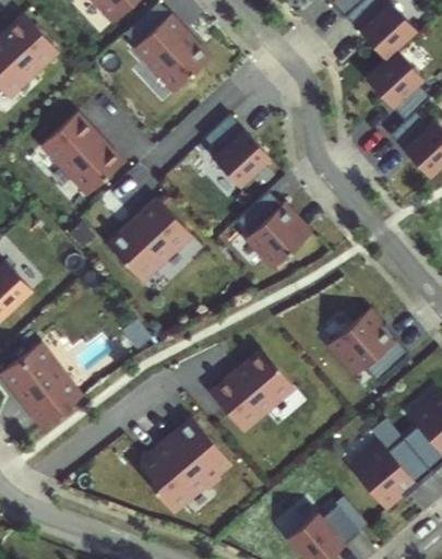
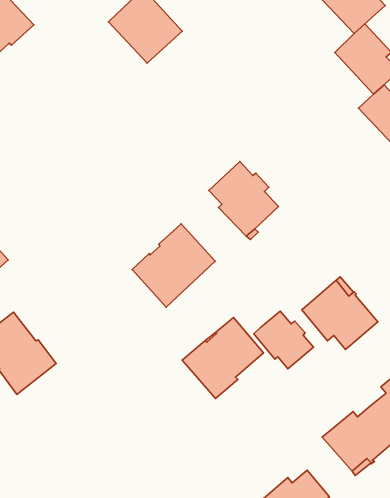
building: [39,110,120,194] -> none
building: [203,112,271,186] -> none
building: [106,195,191,281] -> [132,224,215,307]
building: none -> [254,311,313,369]
building: [139,416,230,512] -> none

